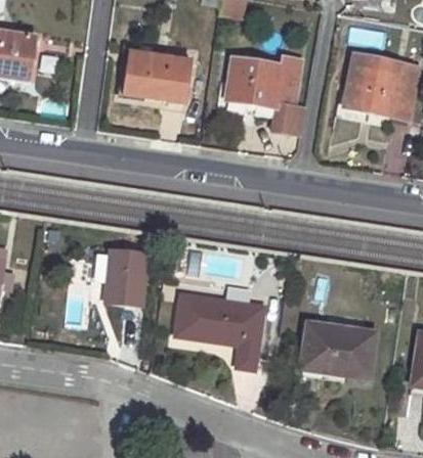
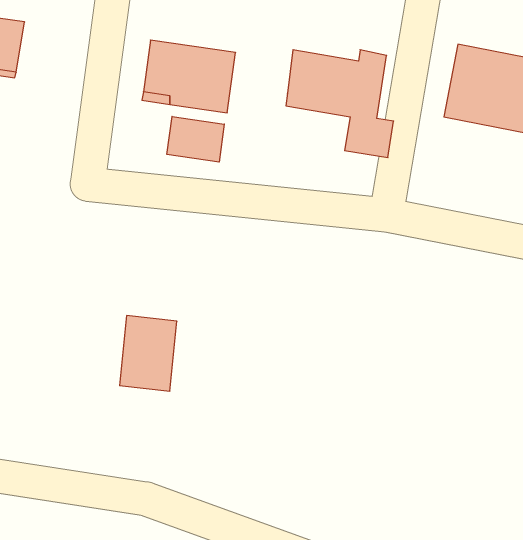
building: none -> [167,116,224,162]
building: [175,295,262,370] -> none
building: [301,322,375,377] -> none

